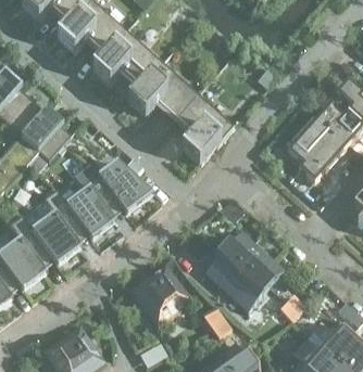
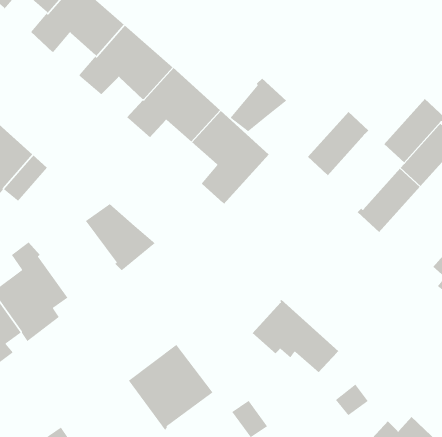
building: none -> [229,78,287,132]
building: [285,119,330,167] -> [307,111,369,176]
building: [62,176,118,239] -> none
building: [202,258,267,313] -> none

